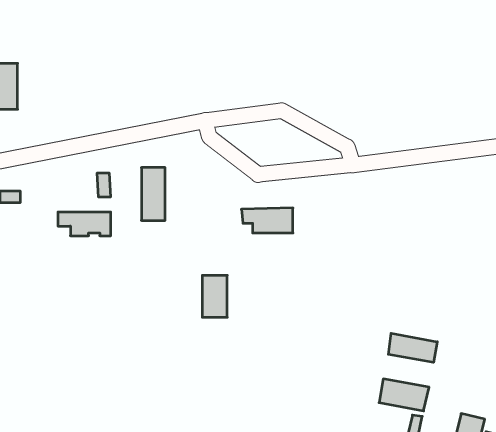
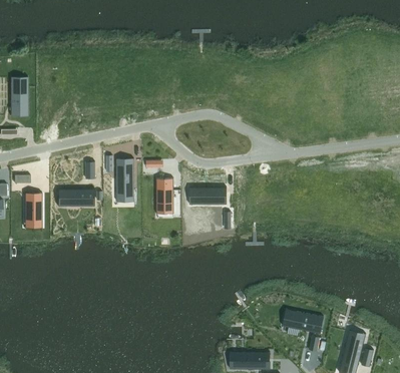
building: none -> [24,193,41,223]
building: [202,275,227,317] -> [155,178,173,209]
building: [388,333,437,362] -> none

